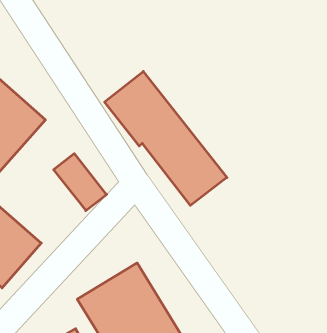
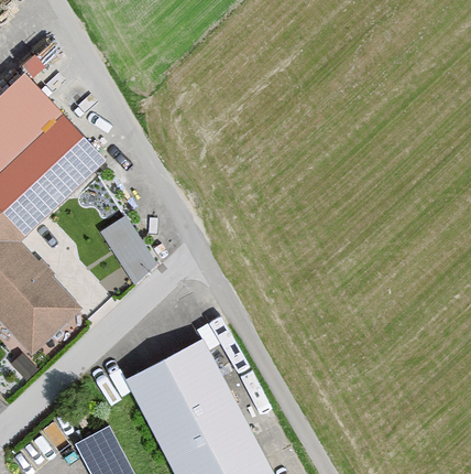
building: [105,71,227,205] -> none

